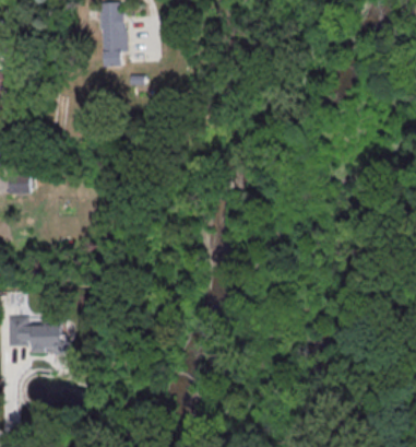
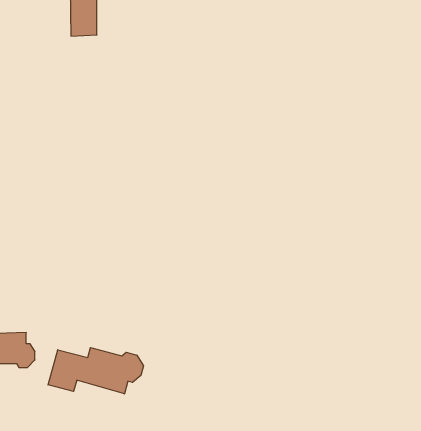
building: none -> [48,348,143,394]

